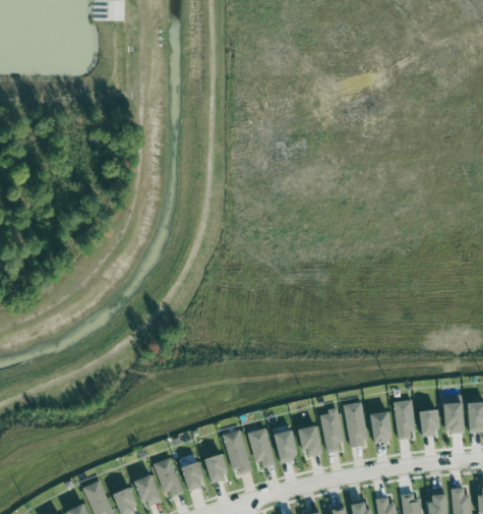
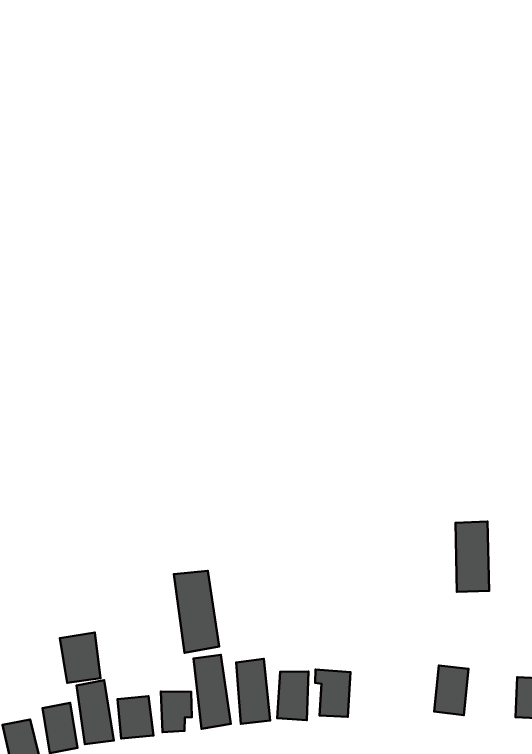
building: none -> [174,571,219,653]
building: [393,400,415,440] -> none
building: [342,401,369,447] -> [455,522,489,592]
building: [319,407,344,453] -> none
building: none -> [60,633,101,683]

